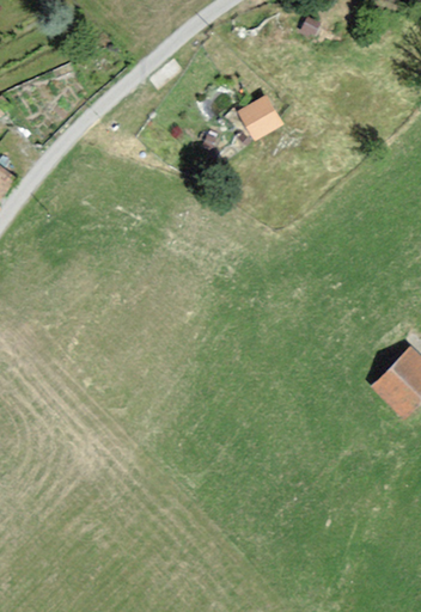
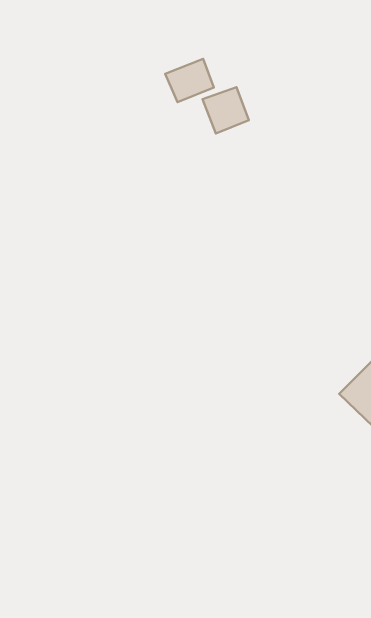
building: none -> [165,59,214,102]

